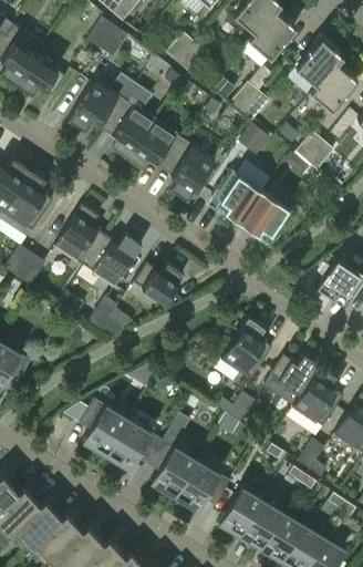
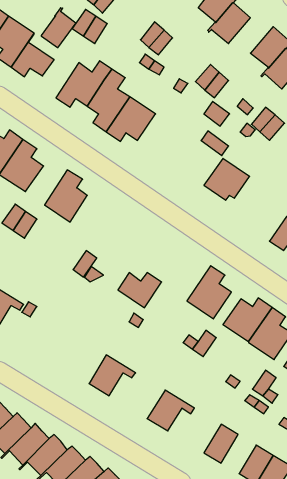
building: none -> [41,8,76,48]
building: [164,140,215,200] -> none
building: [215,171,263,223] -> none
building: [85,234,143,286] -> none
building: [134,262,185,303] -> [118,273,162,308]
building: [80,400,127,454] -> none
building: [152,427,196,495] -> none
building: [219,488,261,535] -> none
building: [261,514,302,559] -> none

